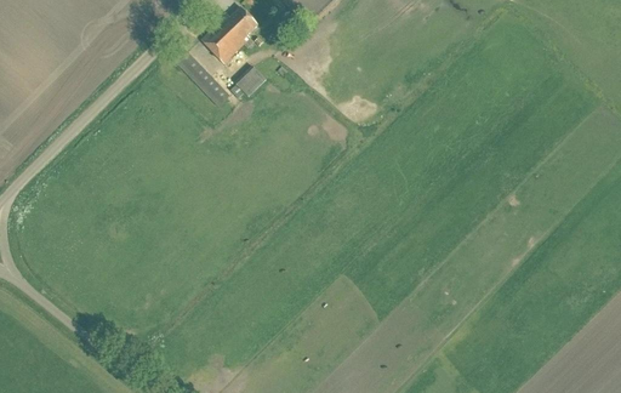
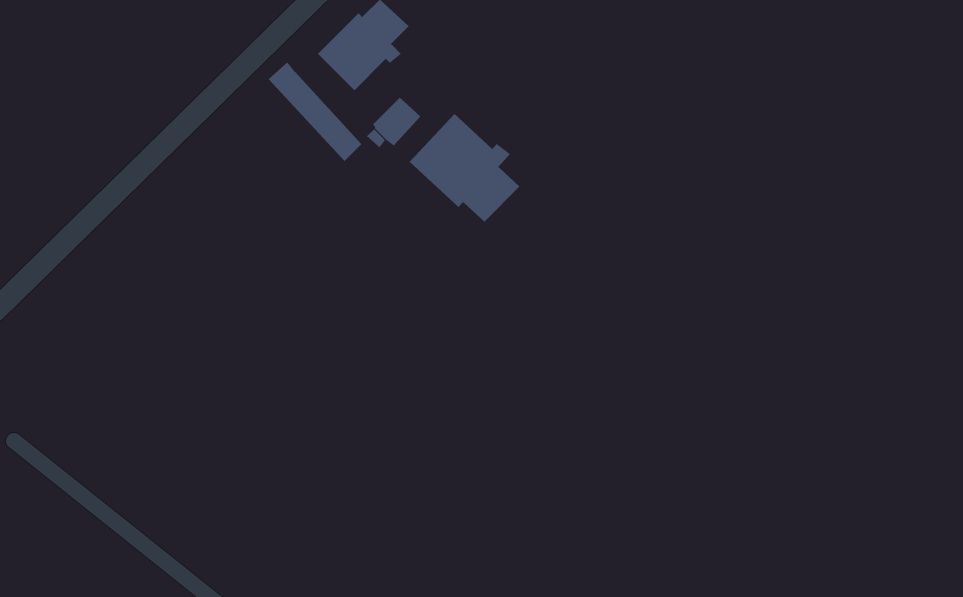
building: none -> [409,113,520,223]

